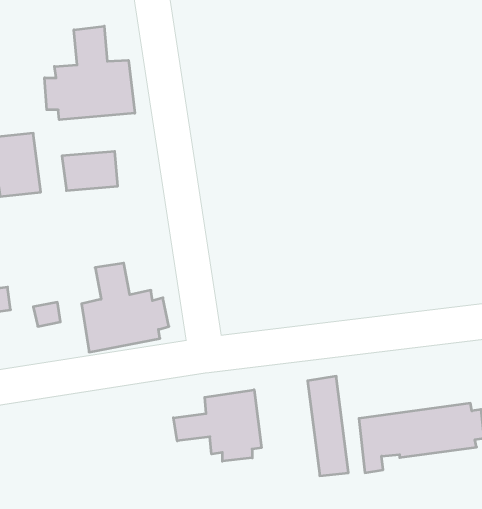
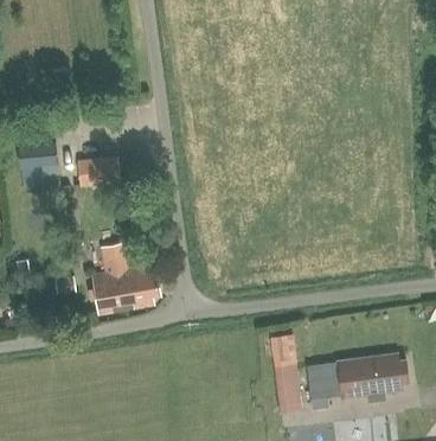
building: [45,26,135,120] -> none
building: [173,390,261,461] -> none

